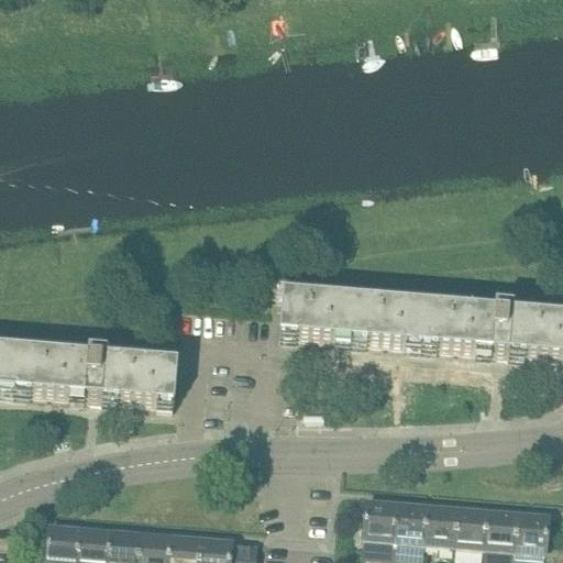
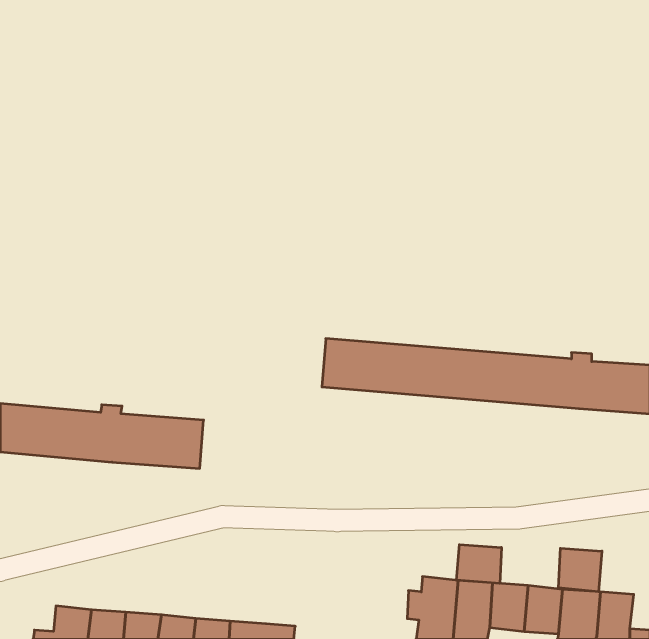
building: none -> [457,545,501,583]
building: none -> [558,548,602,592]

